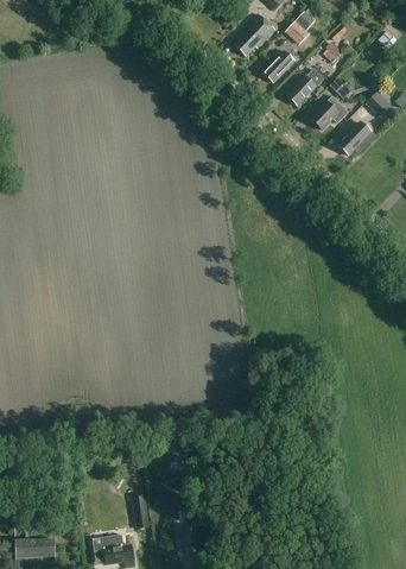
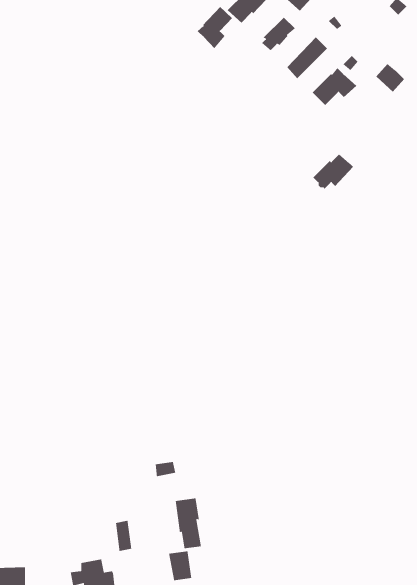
building: none -> [197,6,233,49]
building: [338,121,375,153] -> [313,153,354,189]
building: none -> [175,498,202,549]

